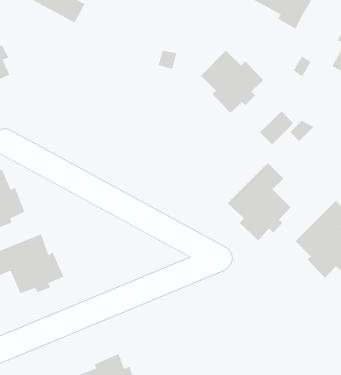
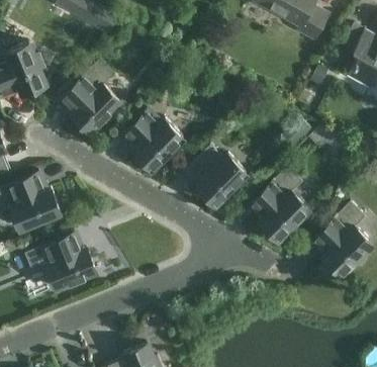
building: [200,50,264,114] -> [186,145,246,204]
building: none -> [60,61,119,133]
building: none -> [123,109,183,169]

